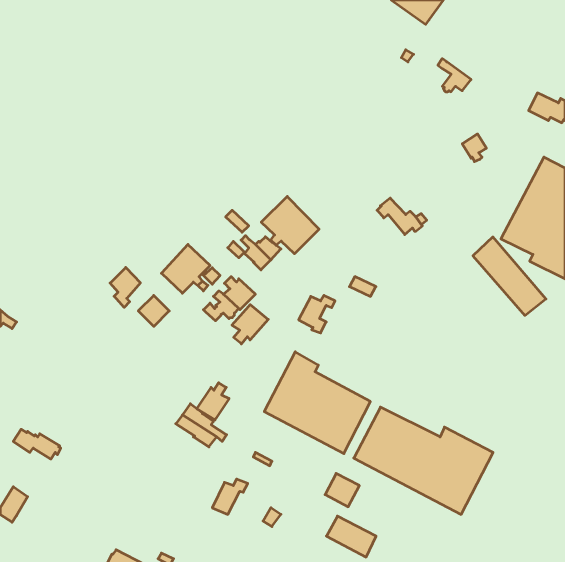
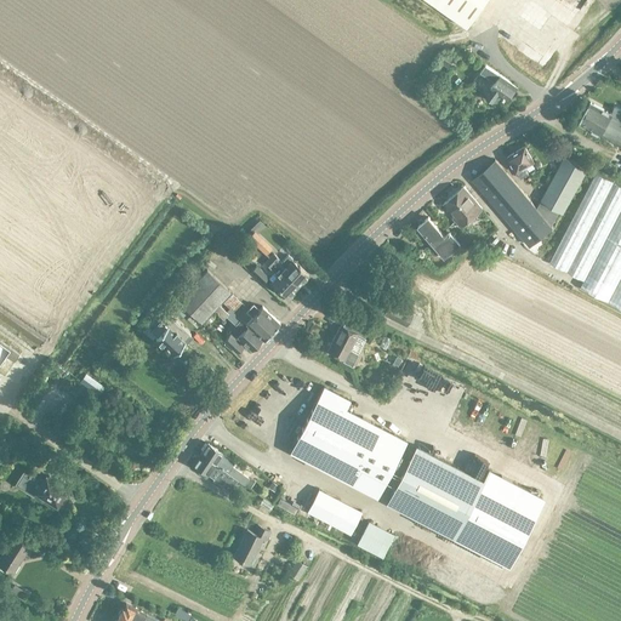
building: none -> [541,160,587,215]
building: none -> [443,189,483,230]
building: [261,196,319,254] -> none
building: [473,237,546,315] -> [473,163,553,249]
building: [110,267,140,307] -> none
building: [232,305,268,344] -> none
building: [197,383,229,420] -> none
building: [326,516,376,557] -> [307,492,361,537]

